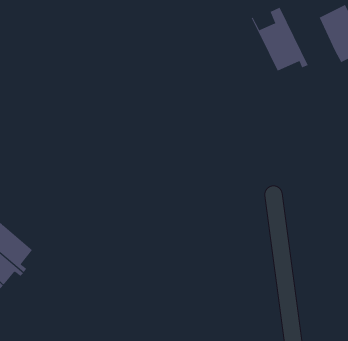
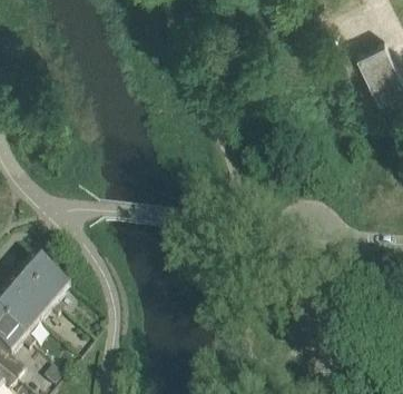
building: [251,7,308,71] -> none

